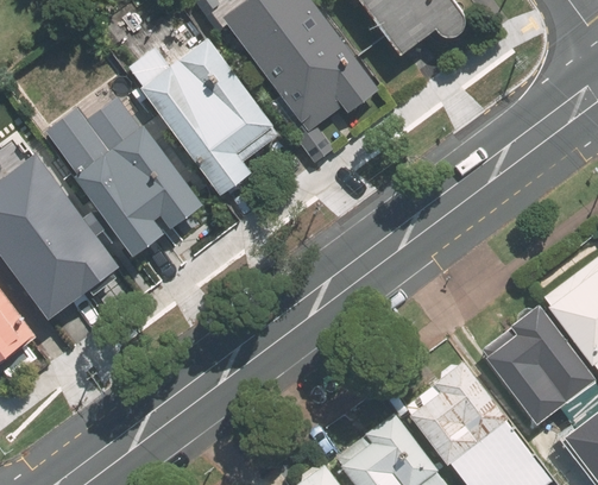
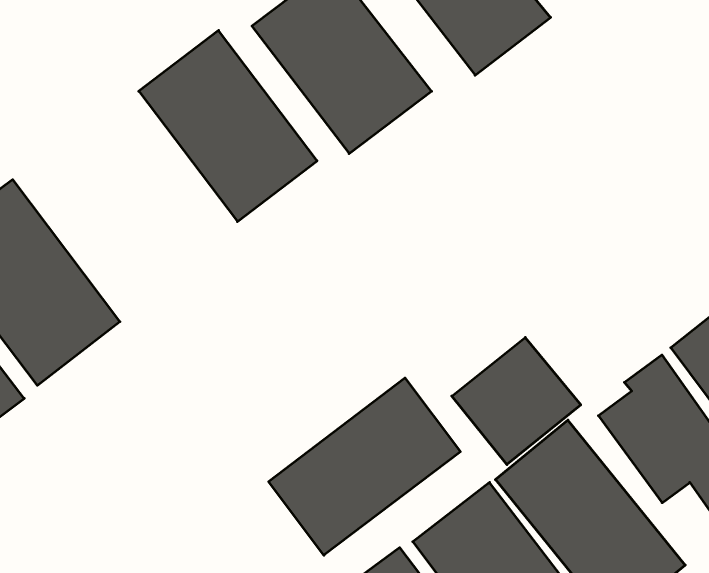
building: [57,100,202,254] -> none
building: none -> [452,337,581,465]
building: none -> [269,378,460,555]

